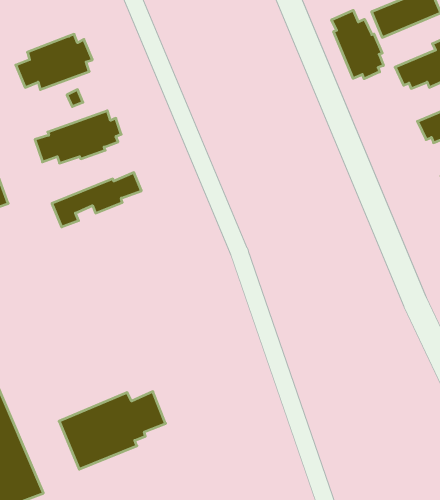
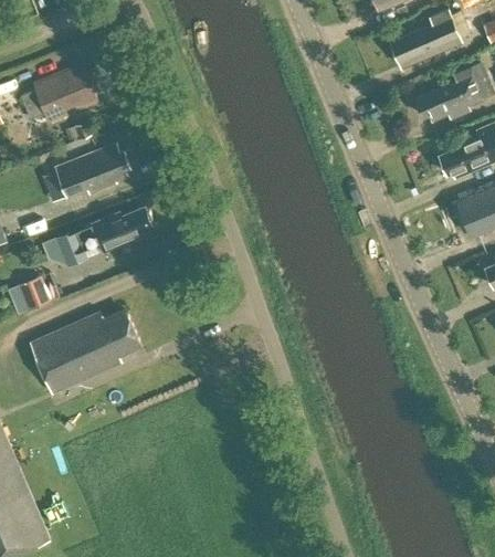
building: [332,10,383,79] -> none
building: none -> [18,276,51,312]
building: [59,392,166,469] -> [29,314,139,395]

